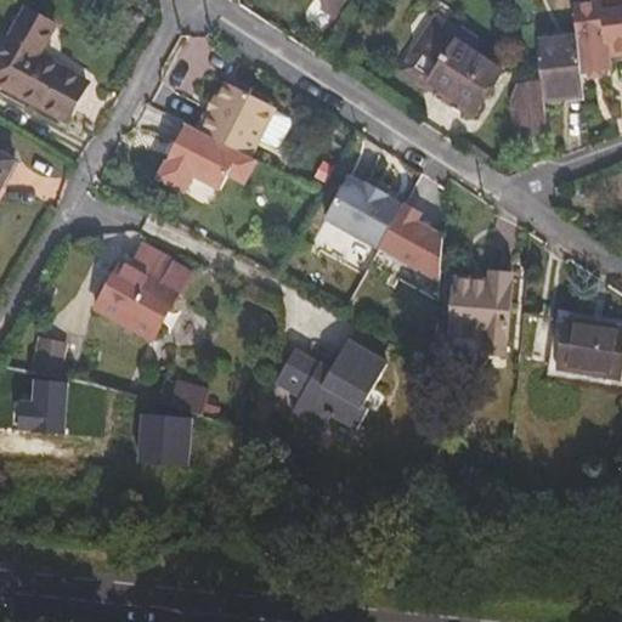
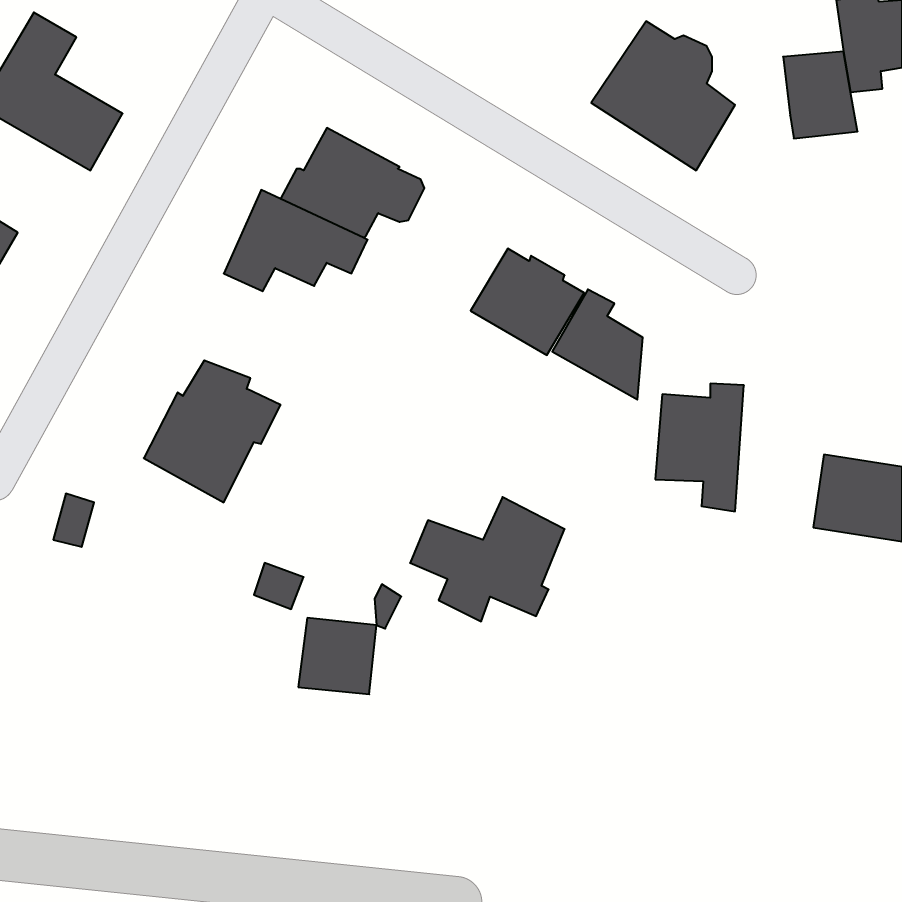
building: [507,79,547,134] -> none
building: [17,377,67,431] -> none
building: [136,414,190,466] -> [298,618,376,694]

